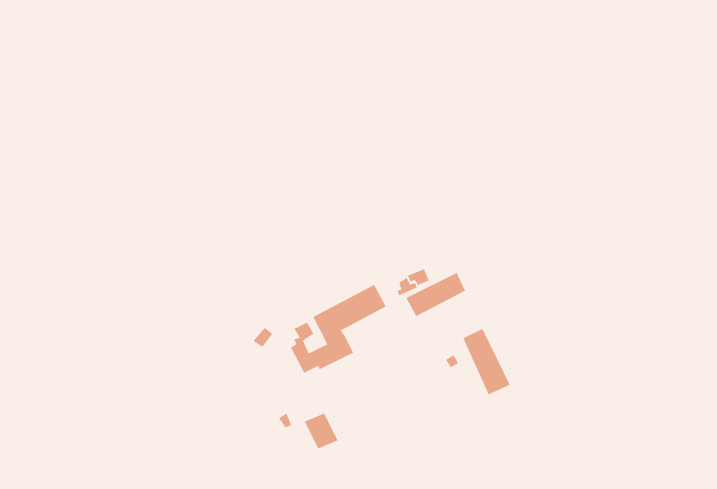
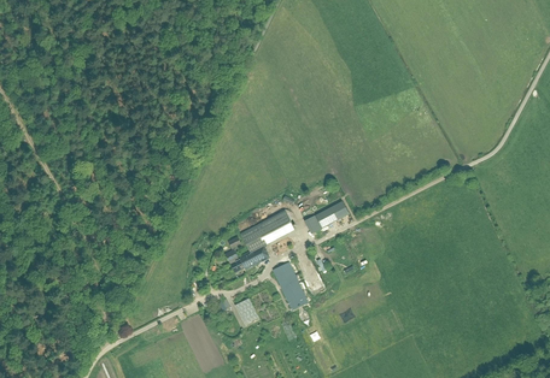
building: [462,328,511,395] -> [274,262,308,309]

